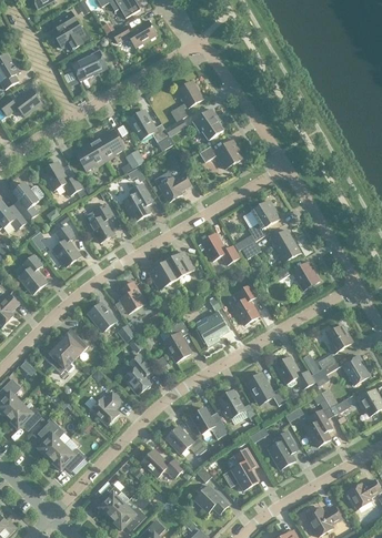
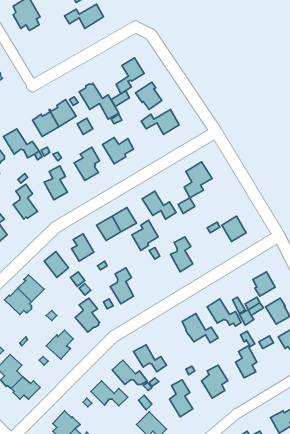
building: [69,50,105,81] -> none
building: [269,230,299,262] -> none
building: [197,312,227,346] -> [132,220,158,250]
building: [217,389,255,420] -> none

